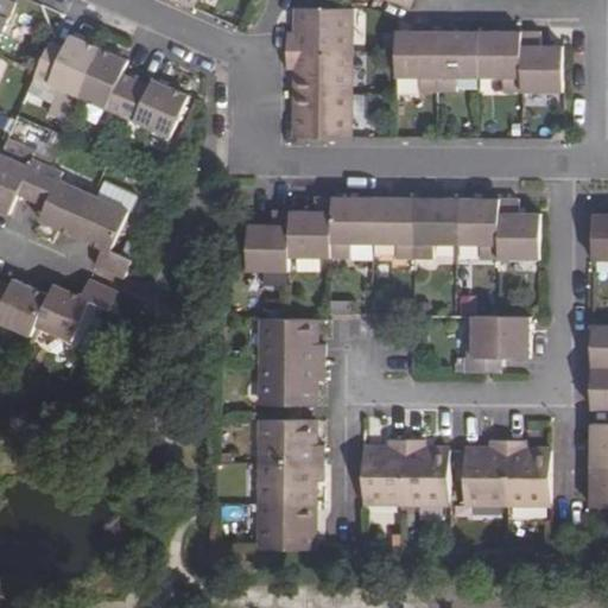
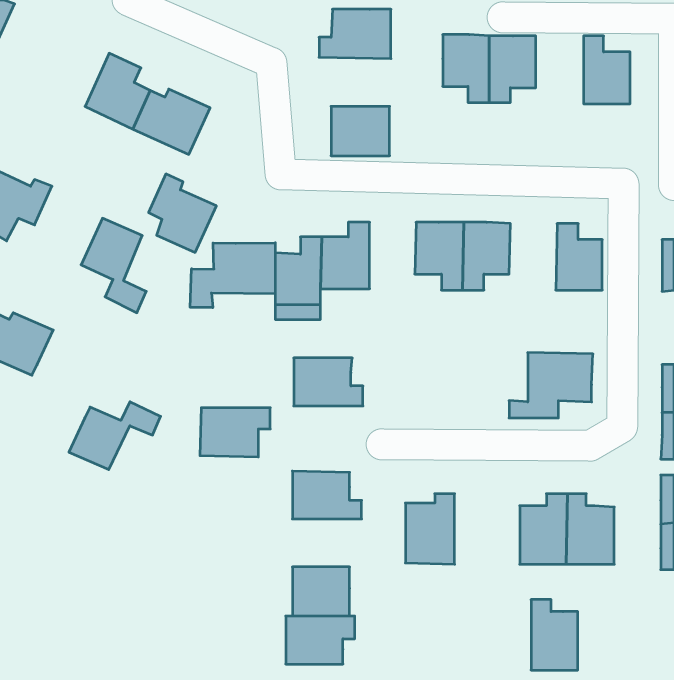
building: [479,32,521,93] -> none
building: [32,34,97,95] -> none
building: [285,51,349,95] -> none
building: [31,166,91,236] -> [149,174,216,252]
building: [330,198,372,258] -> none
building: [455,200,498,259] -> none
building: none -> [190,243,275,308]
building: [33,280,115,341] -> [69,402,161,470]
building: [261,362,324,406] -> [200,408,270,457]
building: [406,441,448,504] -> [531,600,578,670]
building: [261,463,323,506] -> [286,616,355,664]

